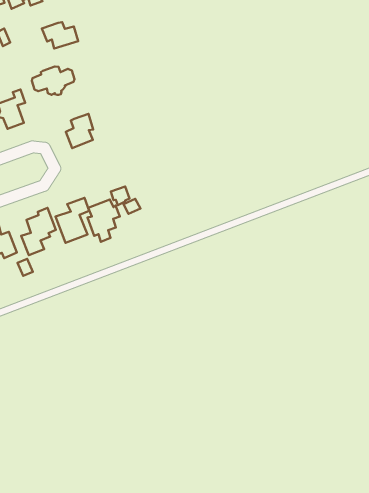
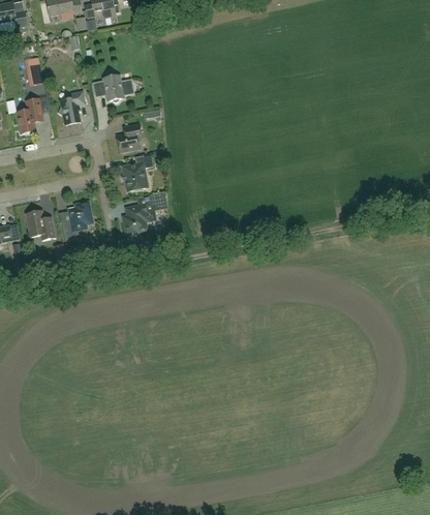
building: [42,22,78,48] -> none
building: [55,198,89,243] -> [121,154,152,191]

